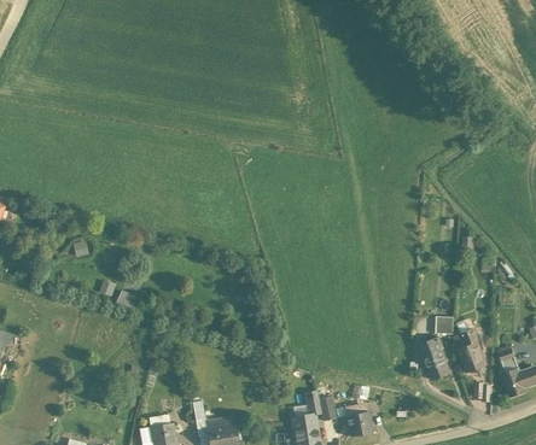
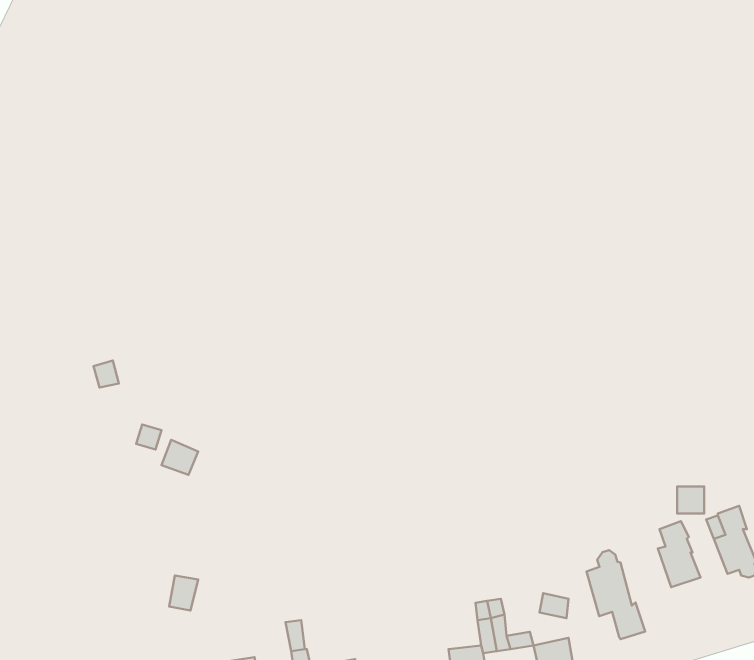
building: none -> [586,550,645,639]

